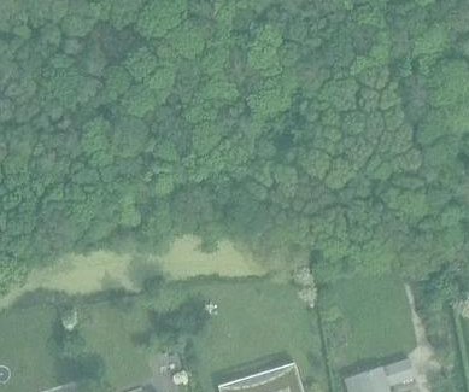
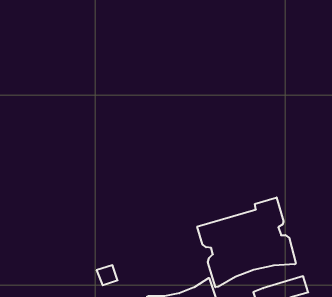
building: none -> [197,197,296,287]

